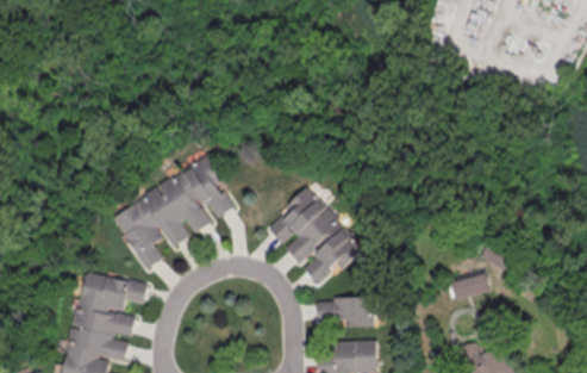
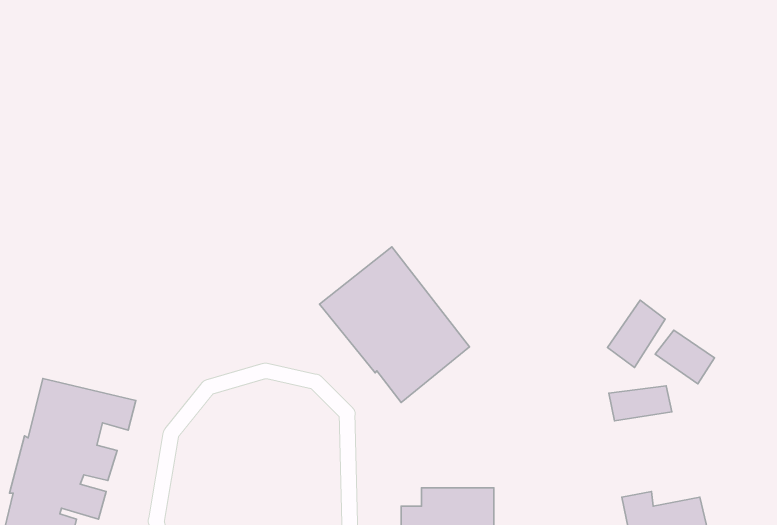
building: [112,155,237,269] -> none
building: none -> [607,300,665,367]
building: [317,297,375,327] -> none

